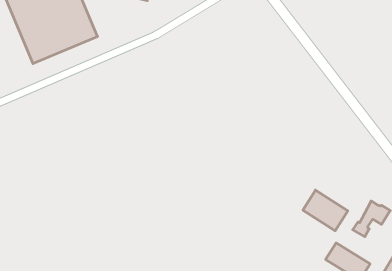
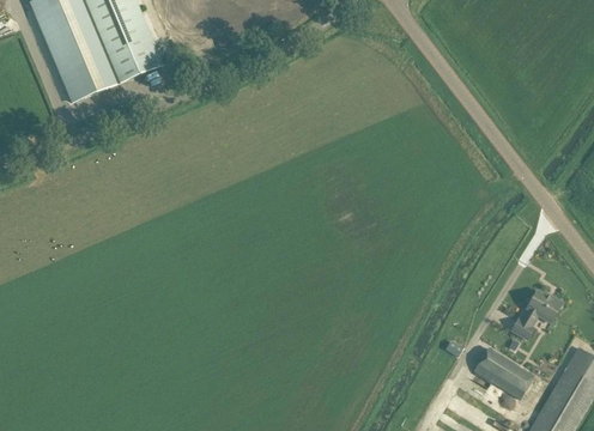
building: [303,190,348,231] -> none

